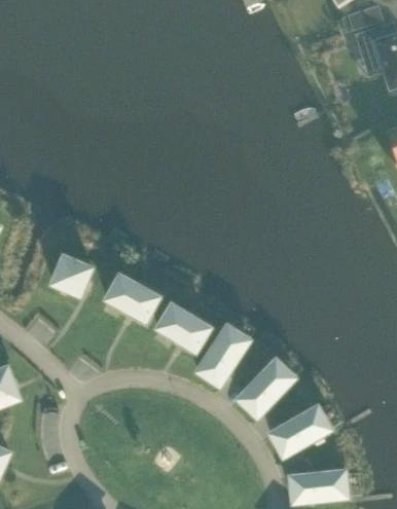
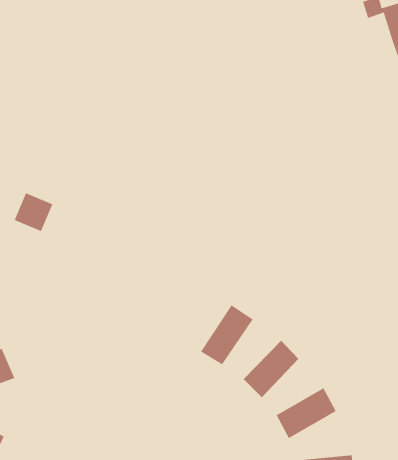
building: [52,255,91,293] -> [14,193,53,232]
building: [106,274,157,318] -> none
building: [156,303,208,349] -> none

